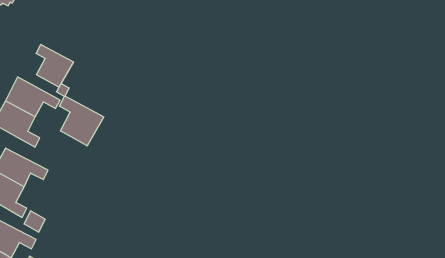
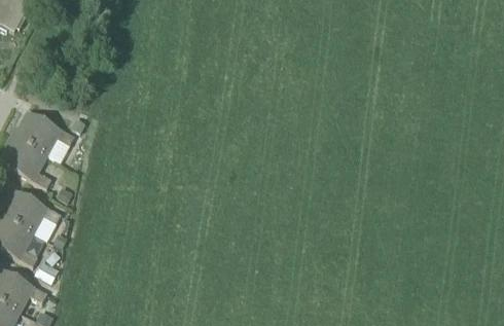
building: [36,44,73,87] -> none
building: [59,96,104,146] -> none

